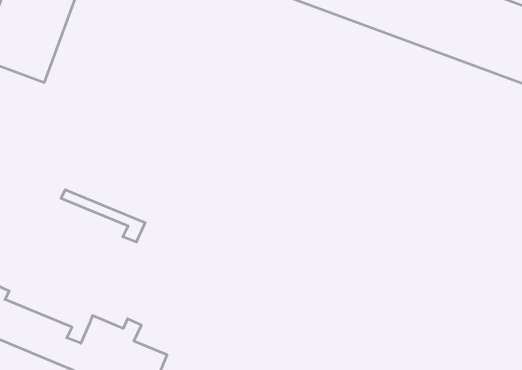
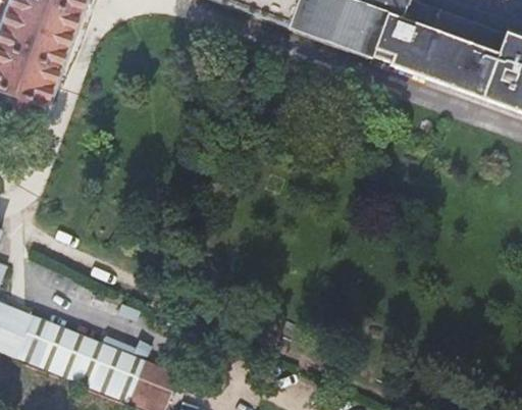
building: [61,190,145,242] -> [9,305,90,355]

